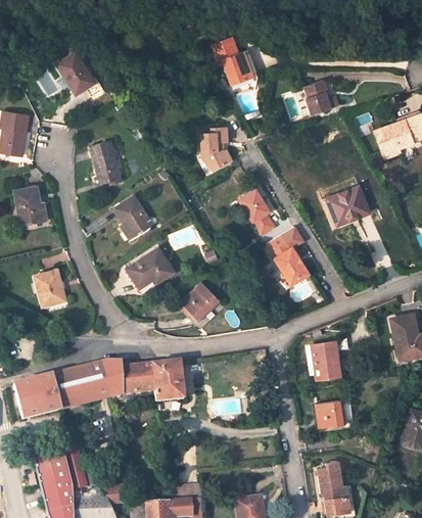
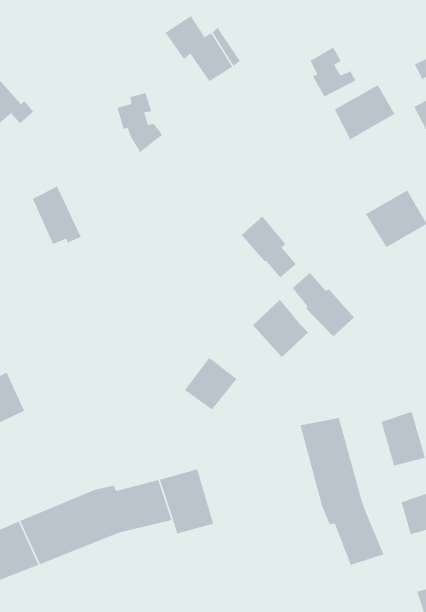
building: none -> [334,84,395,141]
building: [201,128,231,170] -> [116,92,163,153]
building: [118,198,151,243] -> none
building: [127,249,172,293] -> none
building: none -> [252,299,309,358]
building: none -> [299,417,385,566]

